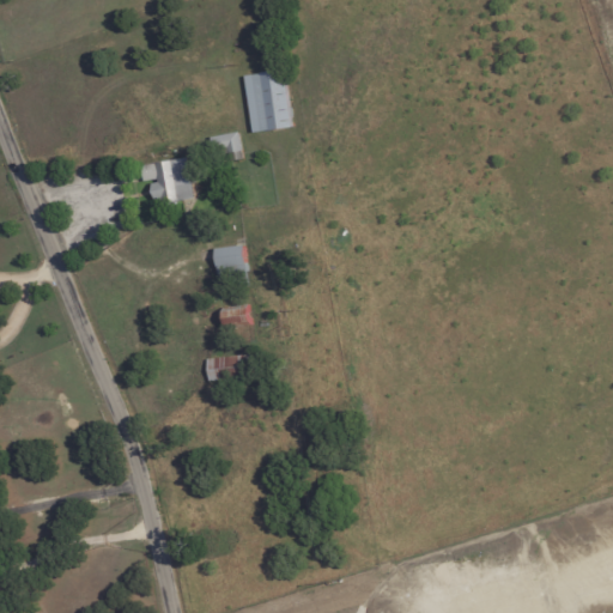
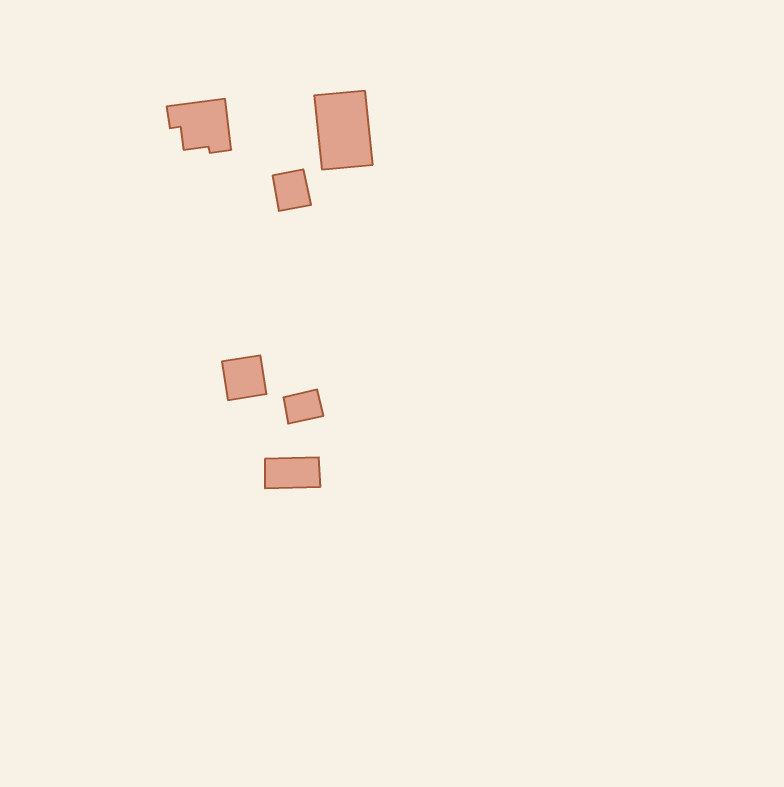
building: [140,159,190,201] -> [167,99,231,153]
building: [213,244,248,279] -> [222,355,267,400]

